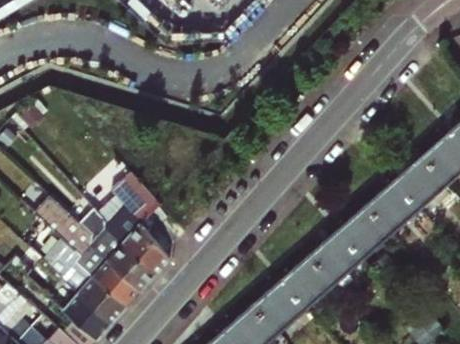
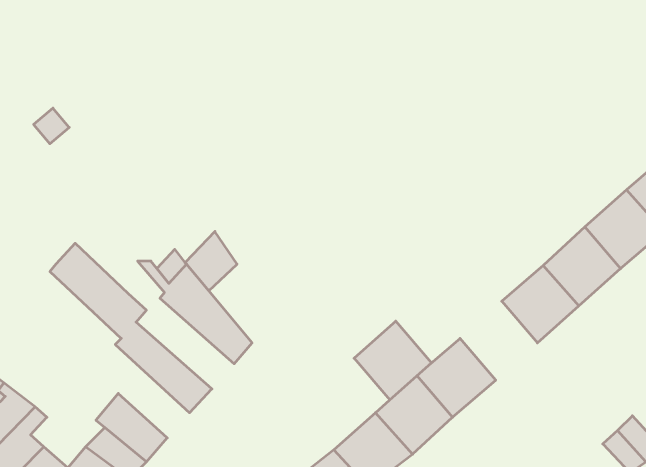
building: [87,211,158,289] -> none
building: [310,230,362,283] -> [354,321,431,400]
building: [44,237,128,322] -> none

